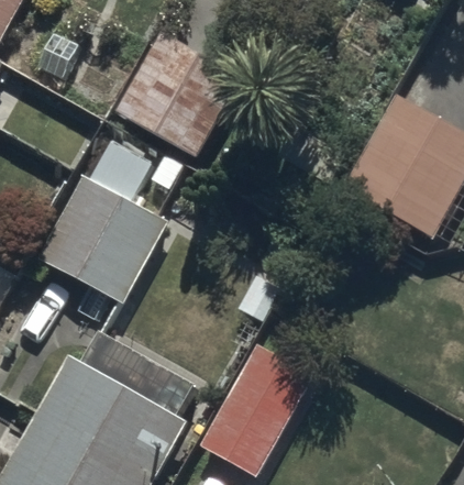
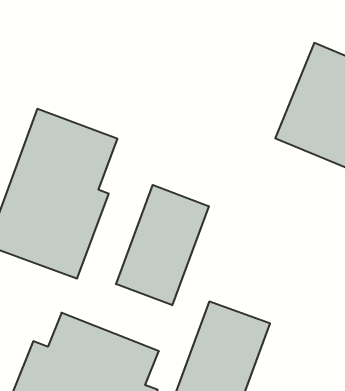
building: [115,32,243,158] -> none
building: none -> [116,185,209,305]

